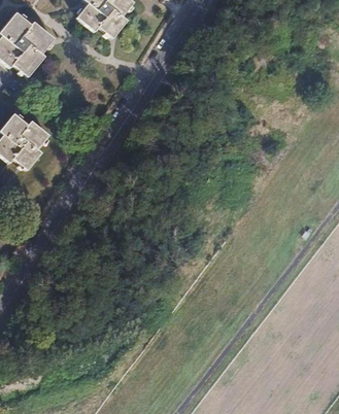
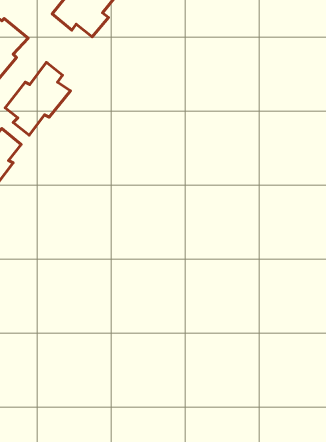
building: none -> [5,63,70,135]

